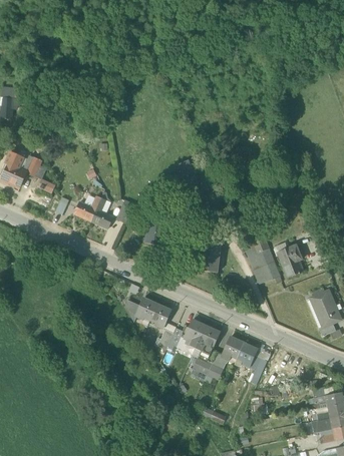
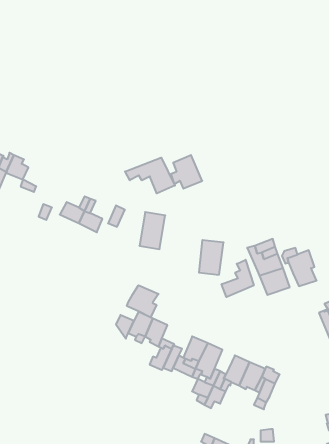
building: none -> [125,158,175,193]
building: none -> [222,260,254,297]
building: none -> [127,285,159,317]

